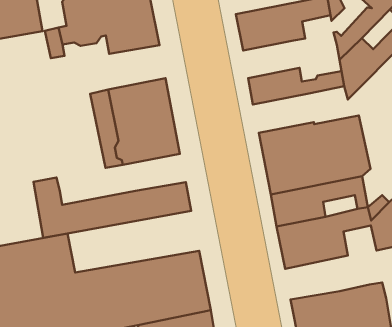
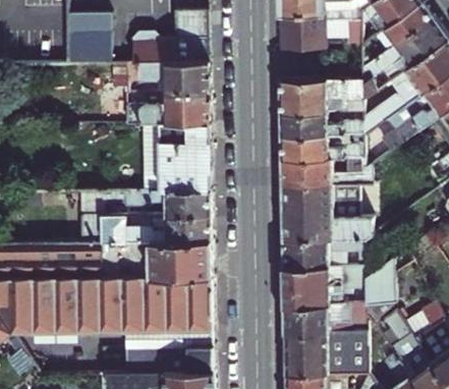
building: none -> [281,111,362,136]
building: none -> [127,95,210,126]
building: none -> [281,159,371,186]
building: none -> [101,191,212,217]
building: none -> [102,242,213,278]
building: none -> [284,304,366,334]

